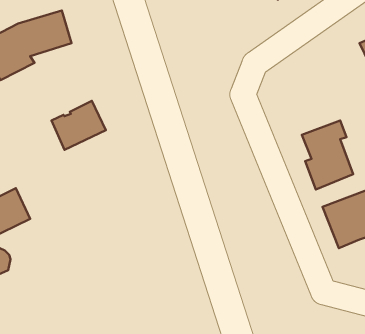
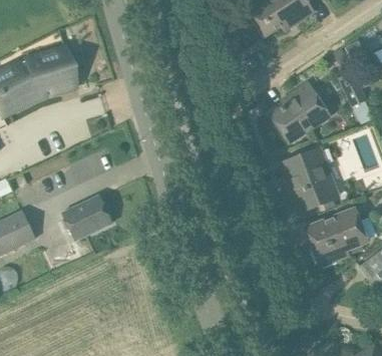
building: none -> [271,81,330,142]
building: [51,101,106,150] -> [62,194,112,239]

